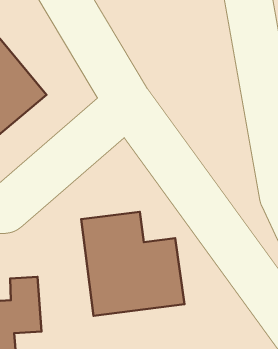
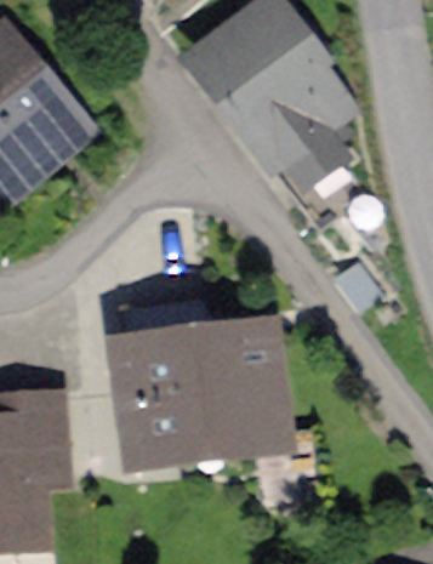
building: none -> [218,19,358,165]

